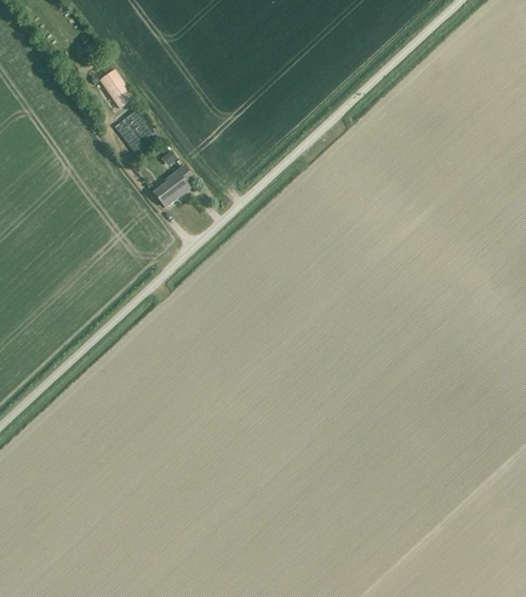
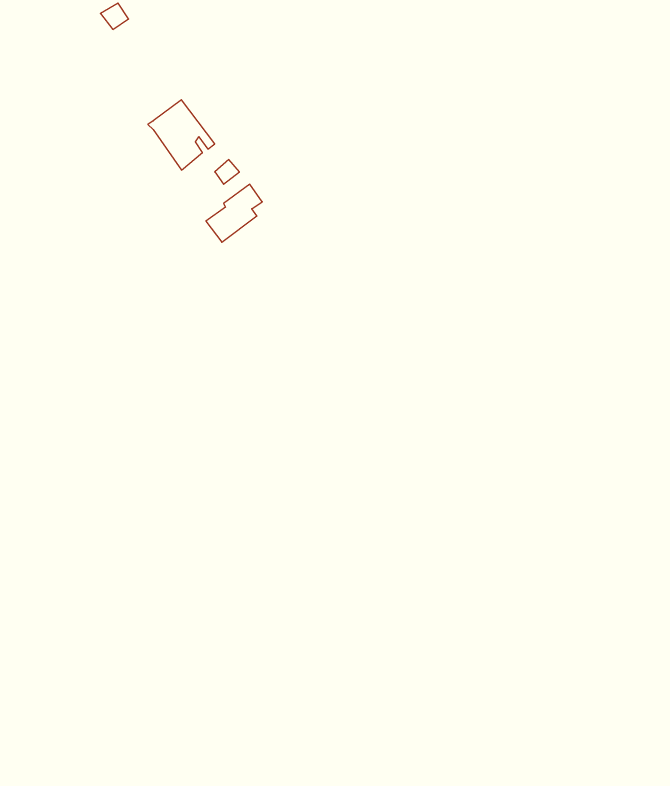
building: [98,69,132,108] -> none

